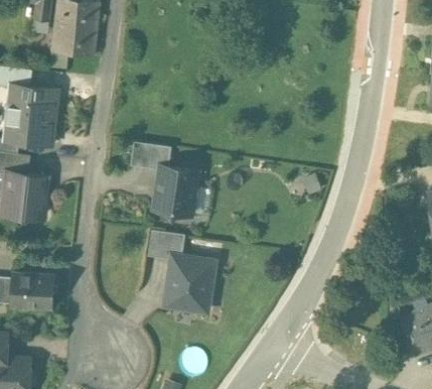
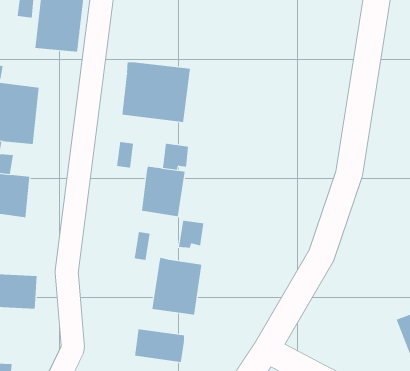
building: none -> [122,61,190,123]
building: [144,145,170,171] -> [162,143,189,170]
building: [159,233,184,260] -> [178,220,204,248]
building: none -> [135,328,185,363]

